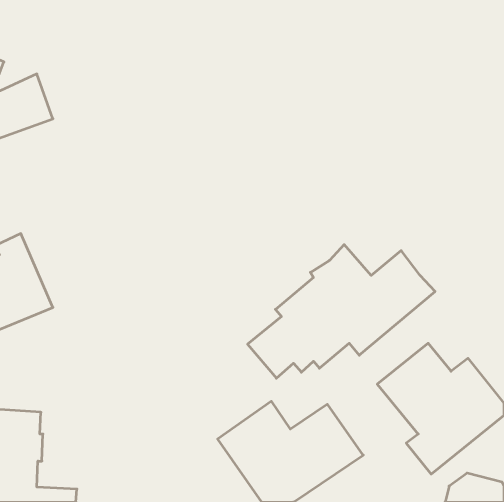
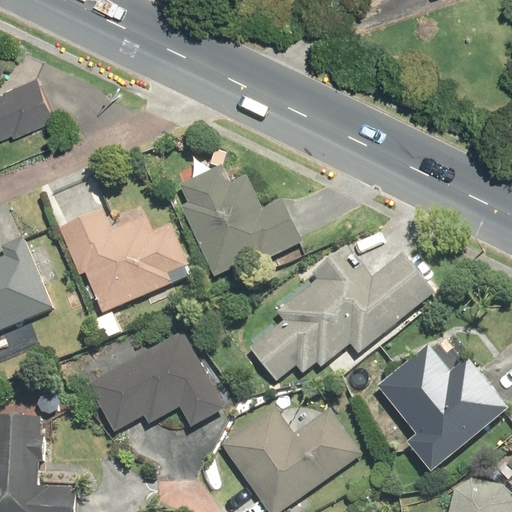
building: none -> [178,162,303,277]
building: none -> [59,208,189,312]
building: none -> [85,330,225,433]

